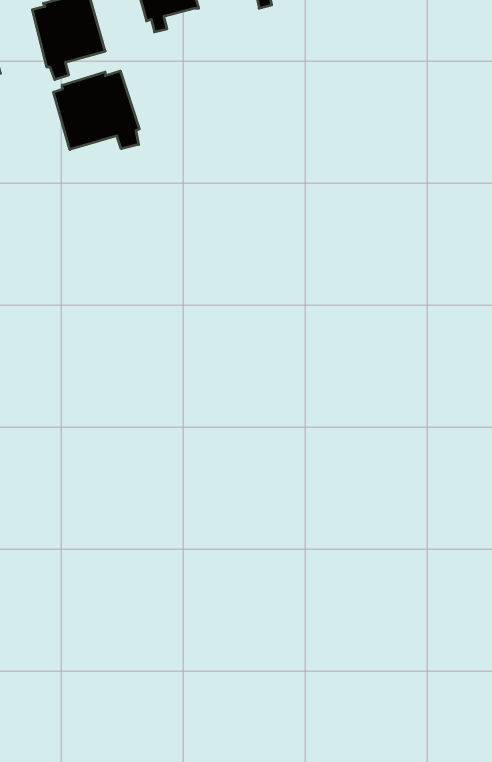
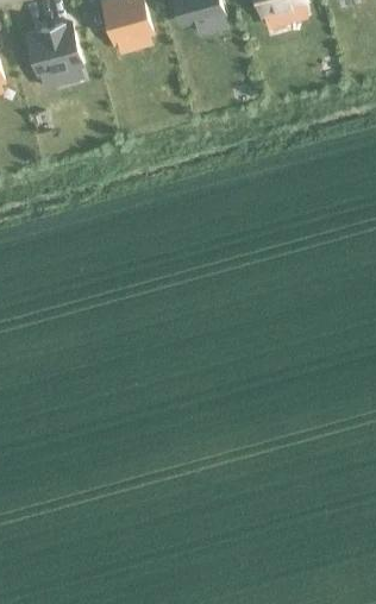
building: [54,71,139,150] -> none

